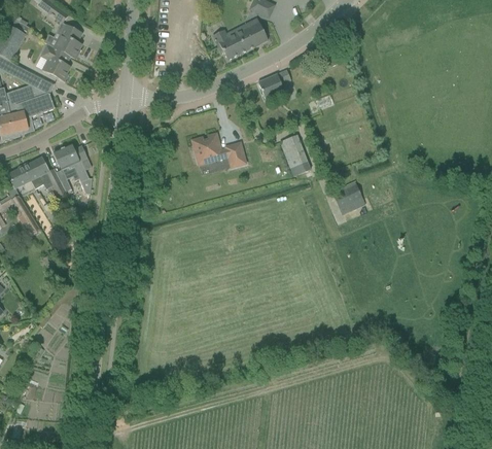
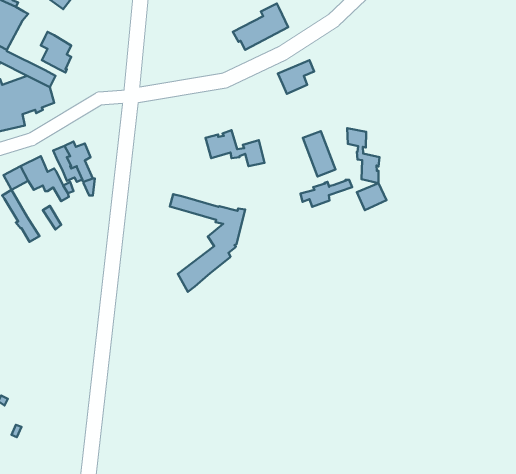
building: [54,24,81,58] -> none
building: none -> [347,128,379,183]
building: none -> [301,180,352,207]
building: none -> [170,194,245,292]

